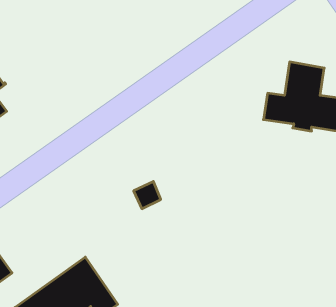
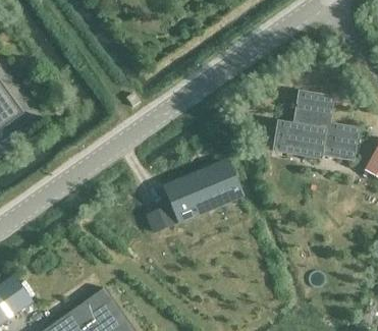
building: none -> [166,162,241,221]

